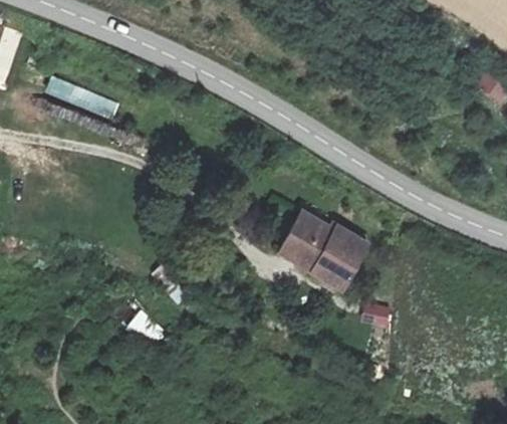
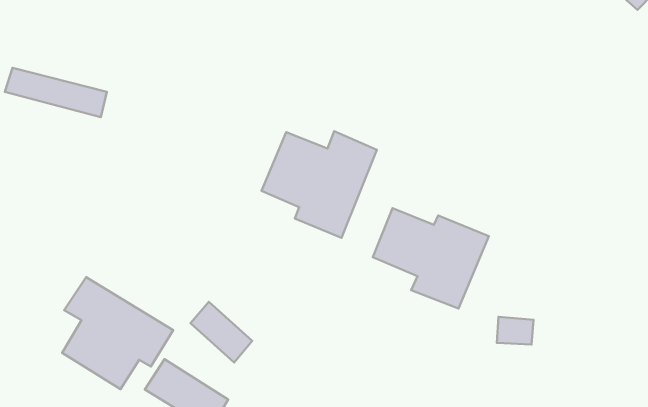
building: none -> [262,131,377,238]
building: none -> [62,277,173,389]

